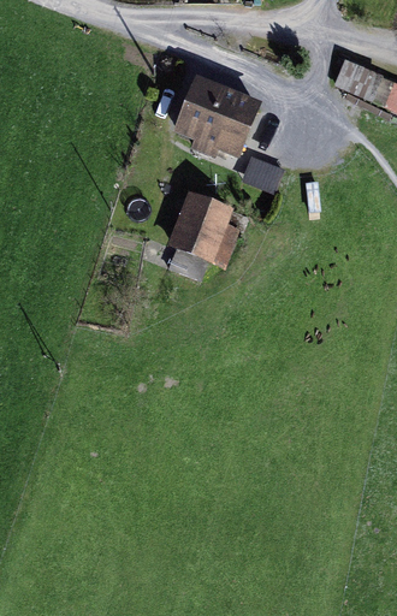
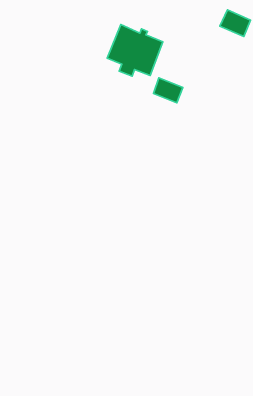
building: [168,195,227,278] -> none

